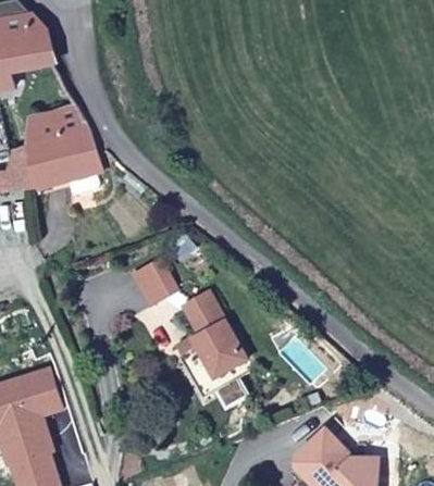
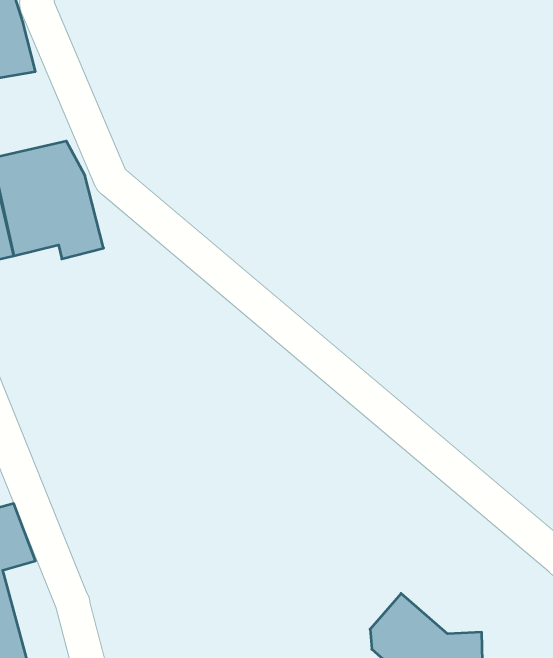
building: [133,256,174,300] -> none
building: [172,286,255,396] -> none

